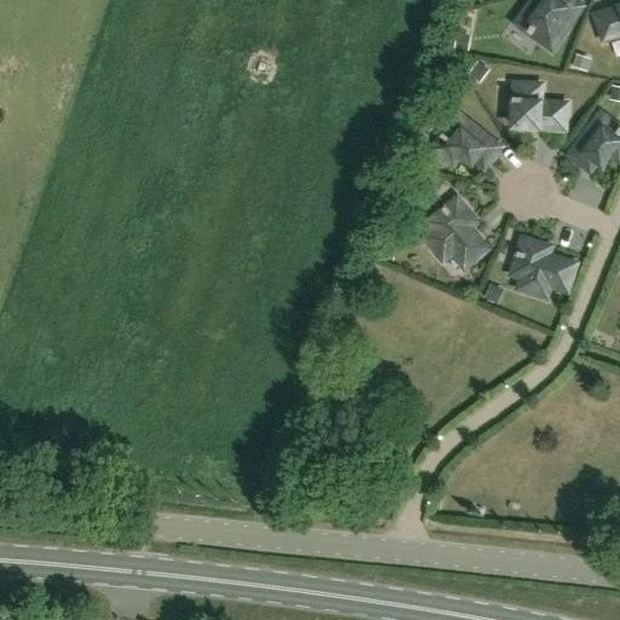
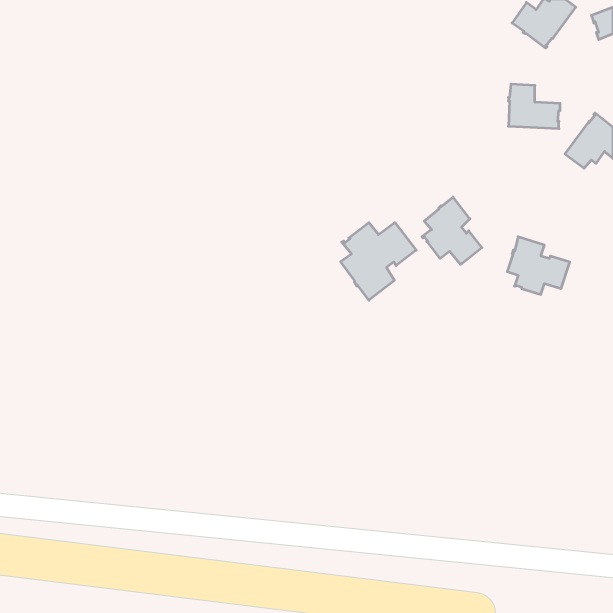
building: [432,115,499,167] -> none
building: none -> [341,223,416,300]

